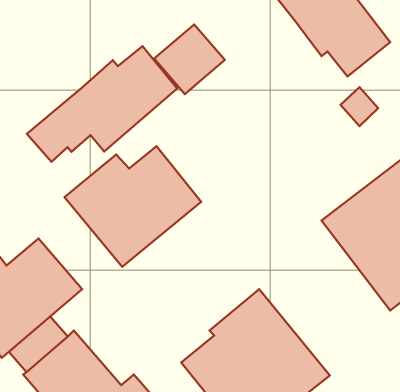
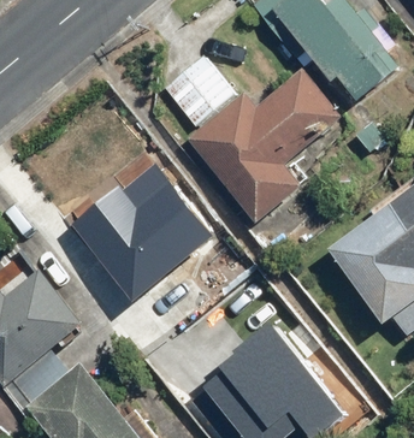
building: none -> [182,65,342,224]
building: [27,46,177,162] -> none

